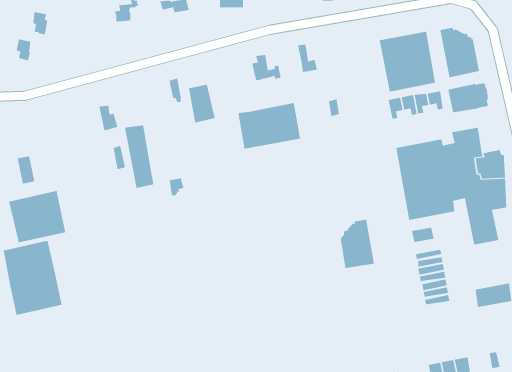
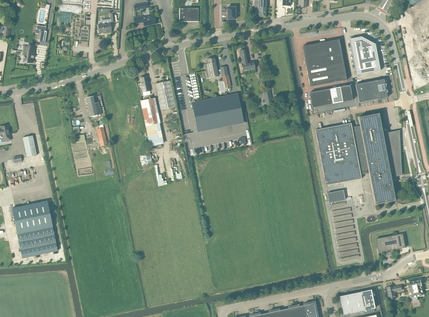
building: [124,125,154,188] -> [140,97,163,146]
building: [8,190,66,243] -> none
building: [340,219,375,269] -> none

